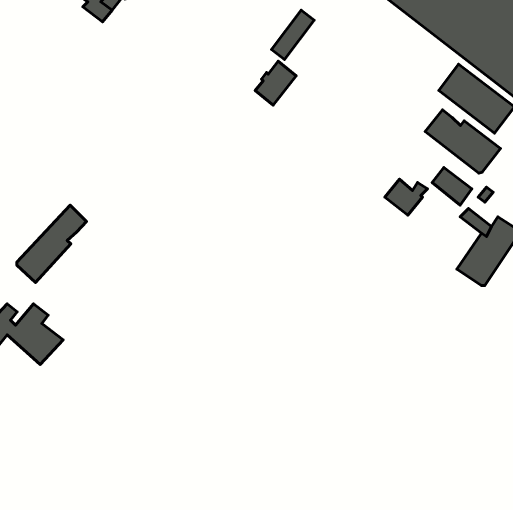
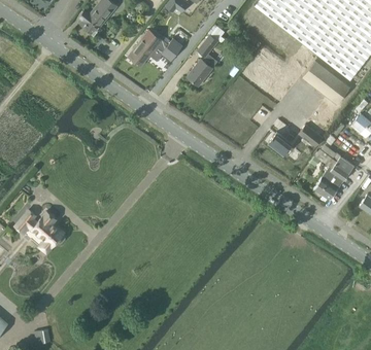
building: none -> [129,30,183,67]
building: [425,110,501,173] -> none
building: [17,205,87,282] -> none

